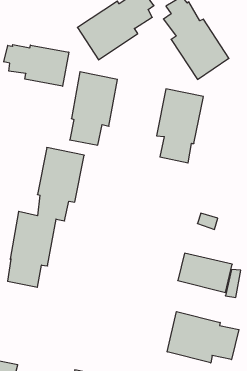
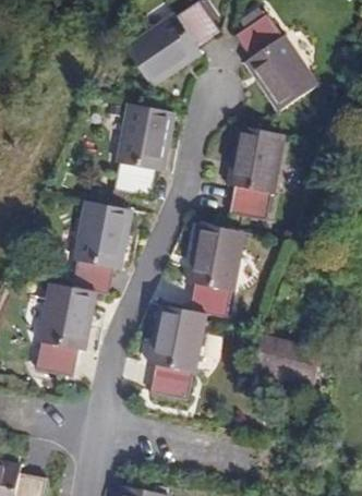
building: [4,45,69,86] -> none
building: none -> [147,222,245,400]
building: [167,312,239,363] -> none

